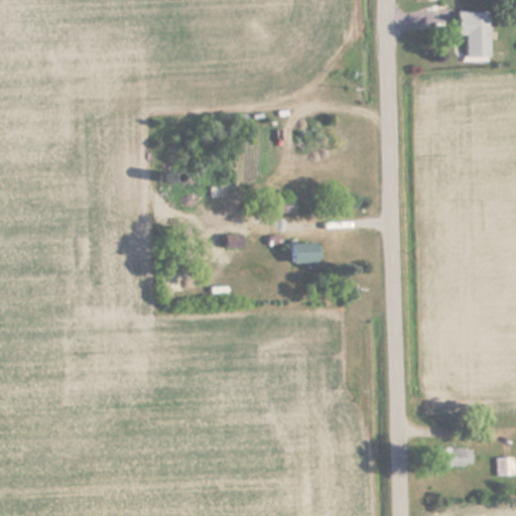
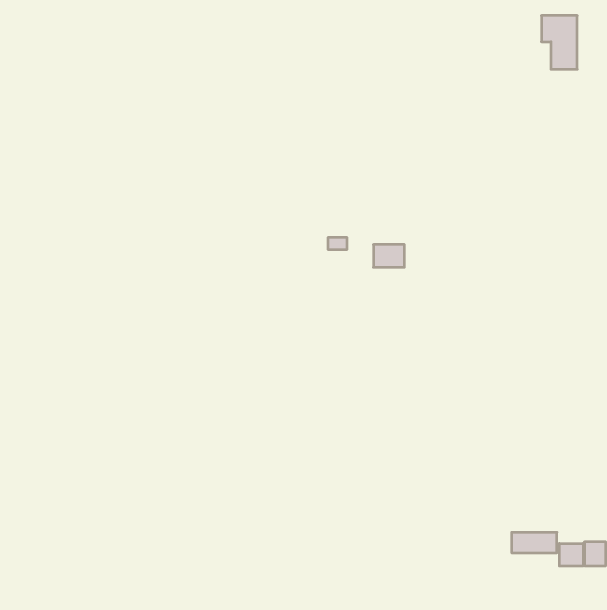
building: [294,243,320,262] -> [373,245,404,267]
building: none -> [559,543,583,566]

